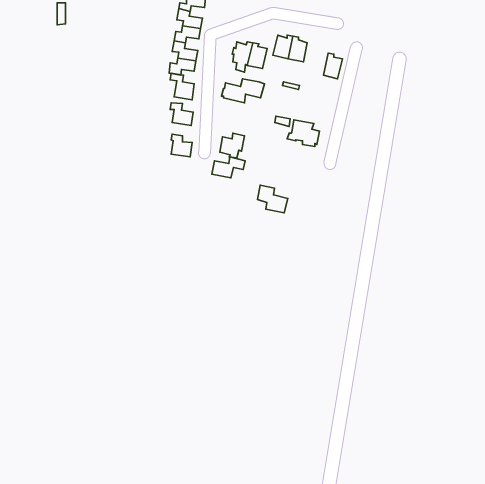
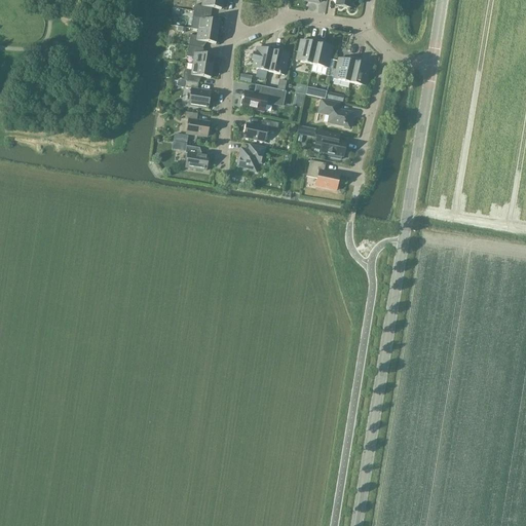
building: none -> [334,55,355,81]
building: none -> [318,99,353,126]
building: [212,157,245,178] -> [243,118,279,141]
building: [257,185,288,213] -> [307,159,340,189]

